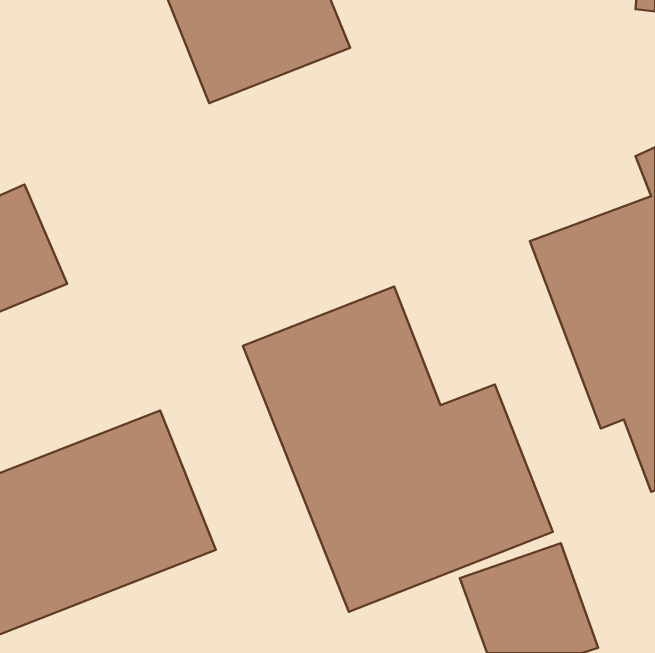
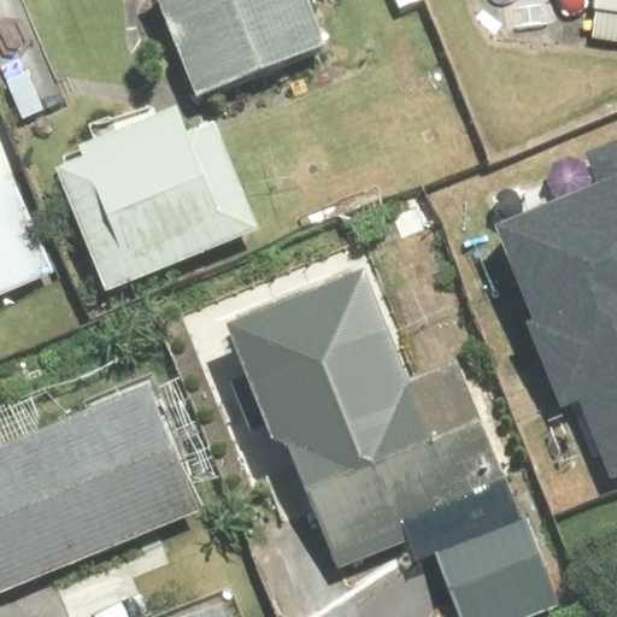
building: none -> [49,105,257,289]

